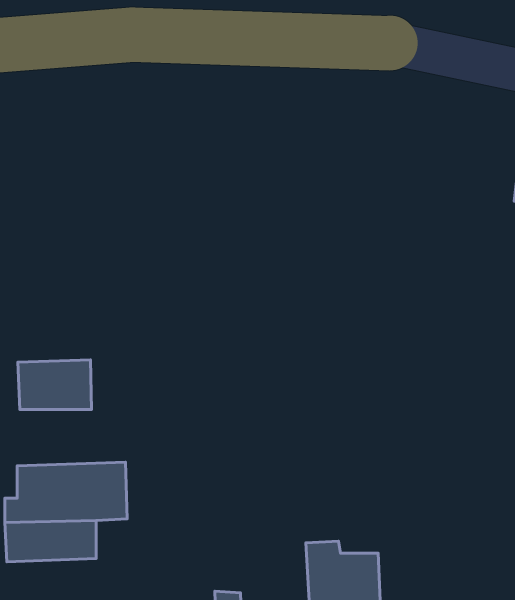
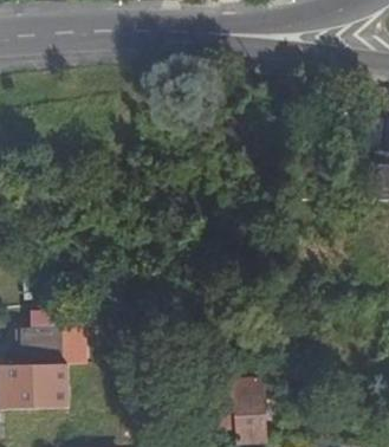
building: [18,360,91,410] -> none

